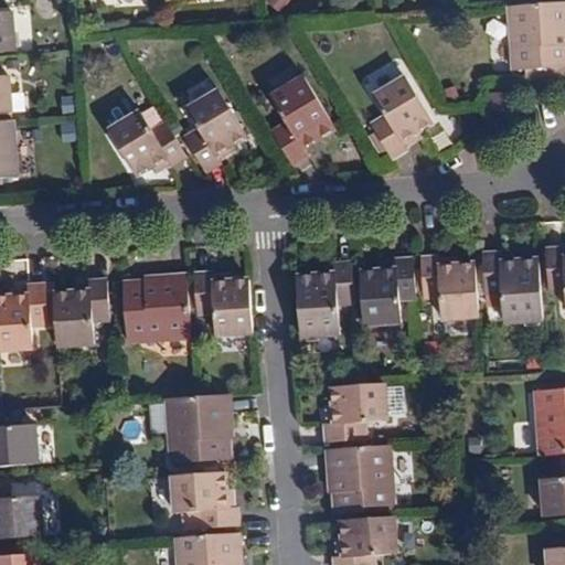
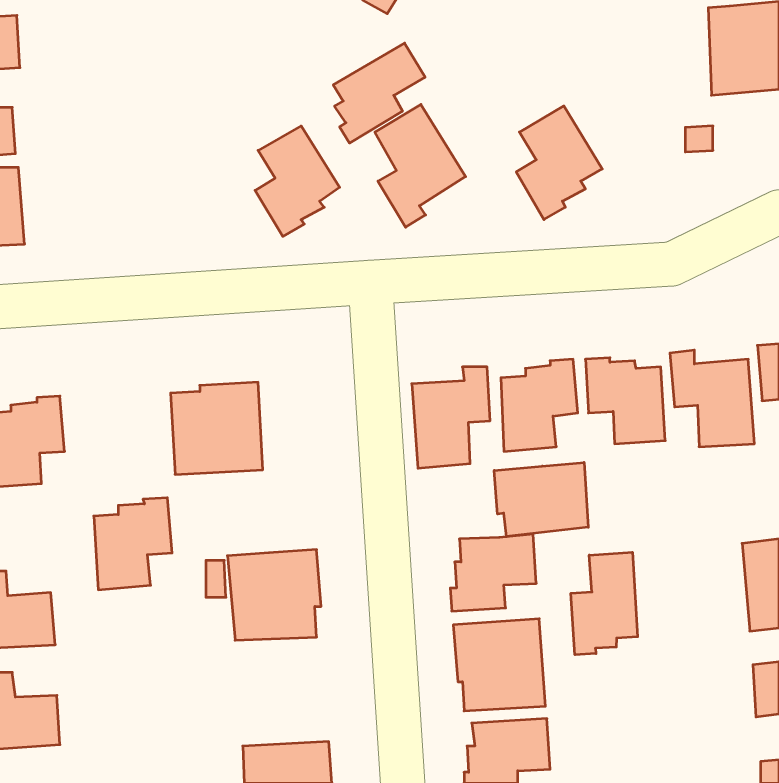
building: none -> [333,43,425,143]
building: [107,110,184,174] -> none
building: [193,273,250,335] -> none
building: [52,280,108,347] -> [94,498,172,590]
building: none -> [494,462,588,537]
building: none -> [571,552,638,655]
building: [170,472,236,527] -> none

